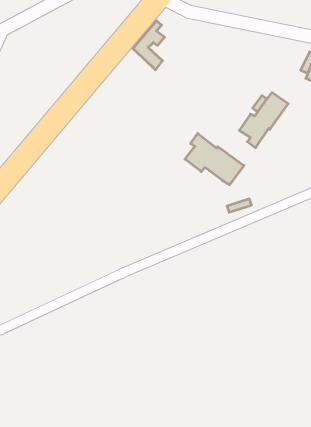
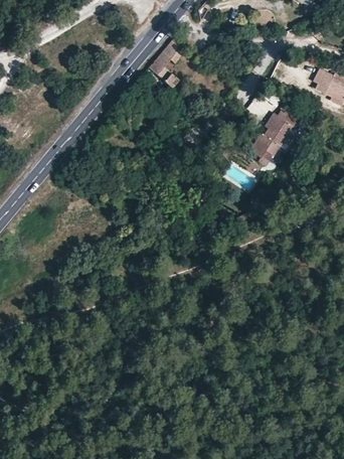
building: [185,133,244,185] -> none

